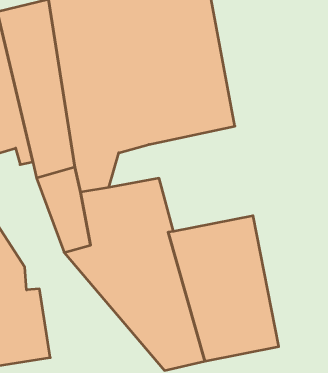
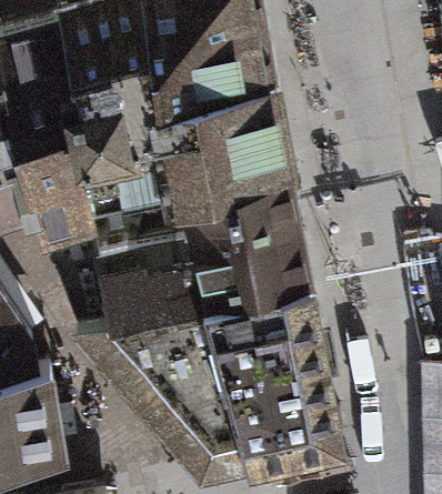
building: none -> [184,169,311,296]

